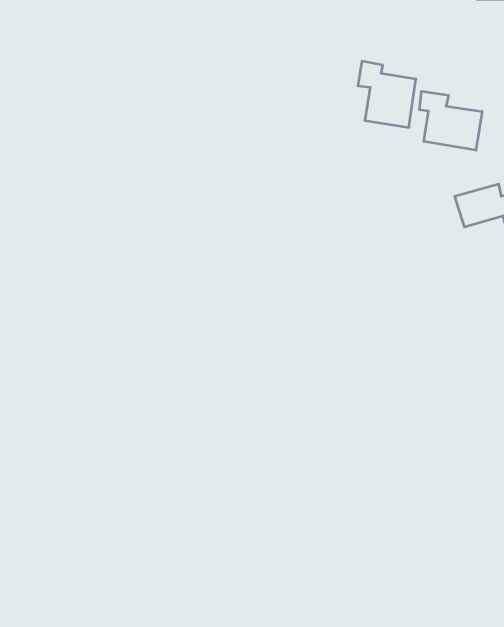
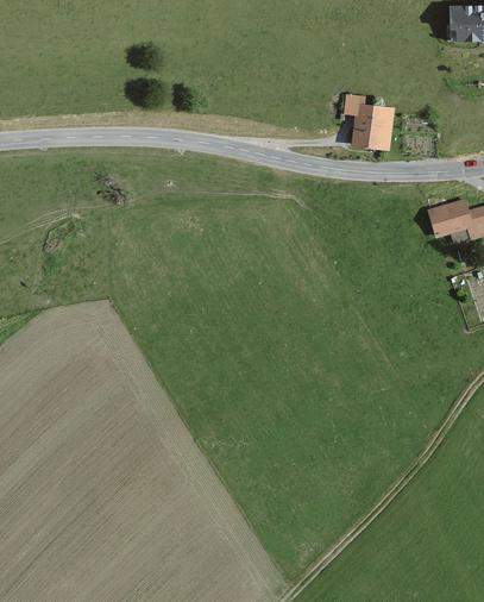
building: [419,91,482,150] -> none

